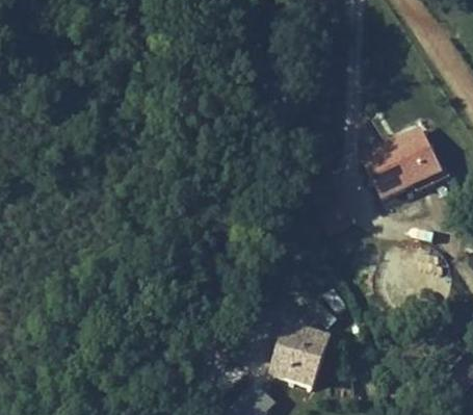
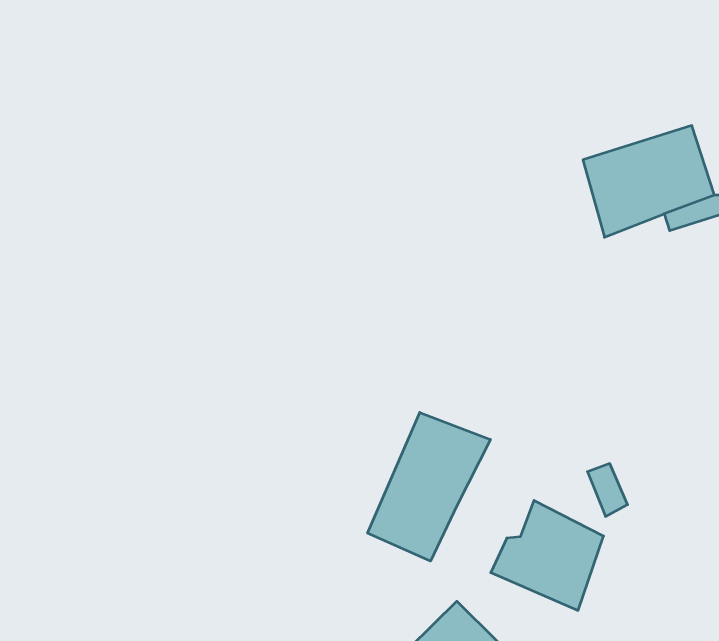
building: none -> [368,412,490,561]

